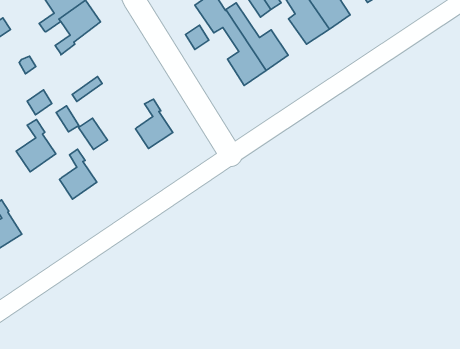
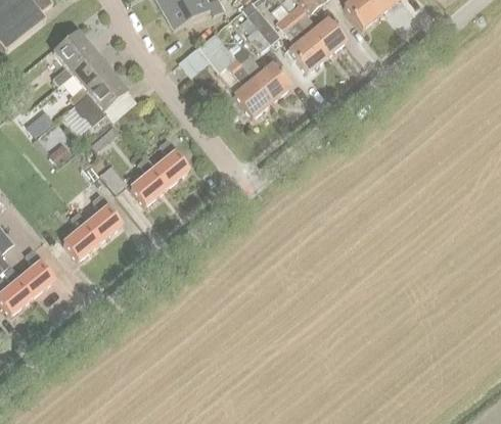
building: none -> [85,70,128,125]
building: none -> [129,156,167,205]
building: [16,120,56,172] -> [61,210,99,261]

